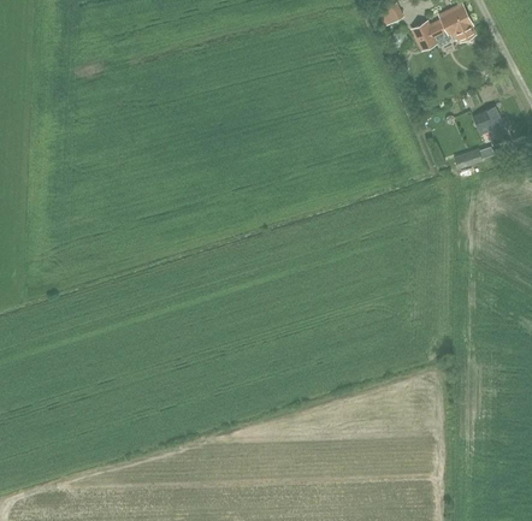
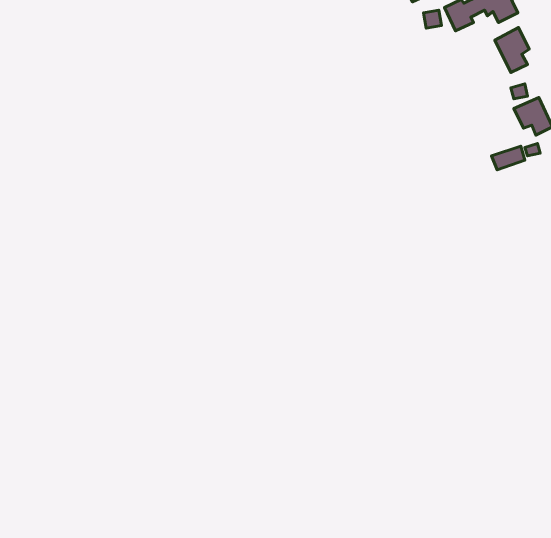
building: none -> [495,27,529,72]

